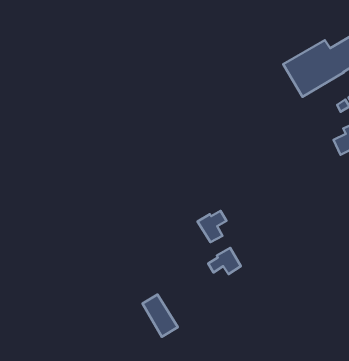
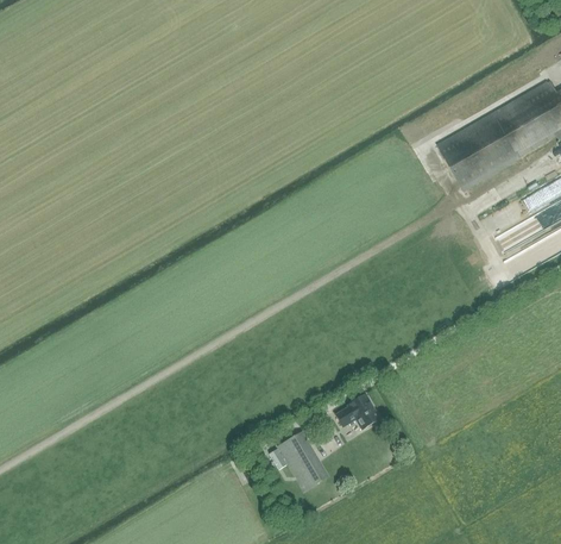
building: [198,211,227,242] -> none
building: [142,295,178,337] -> [277,431,324,488]

